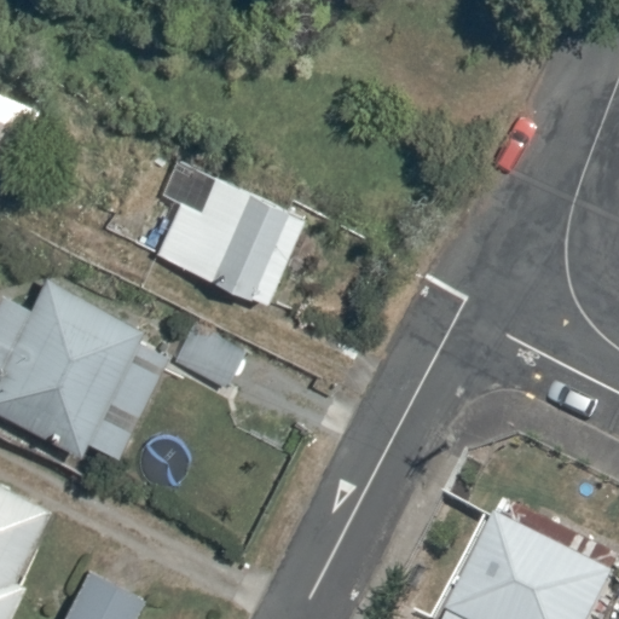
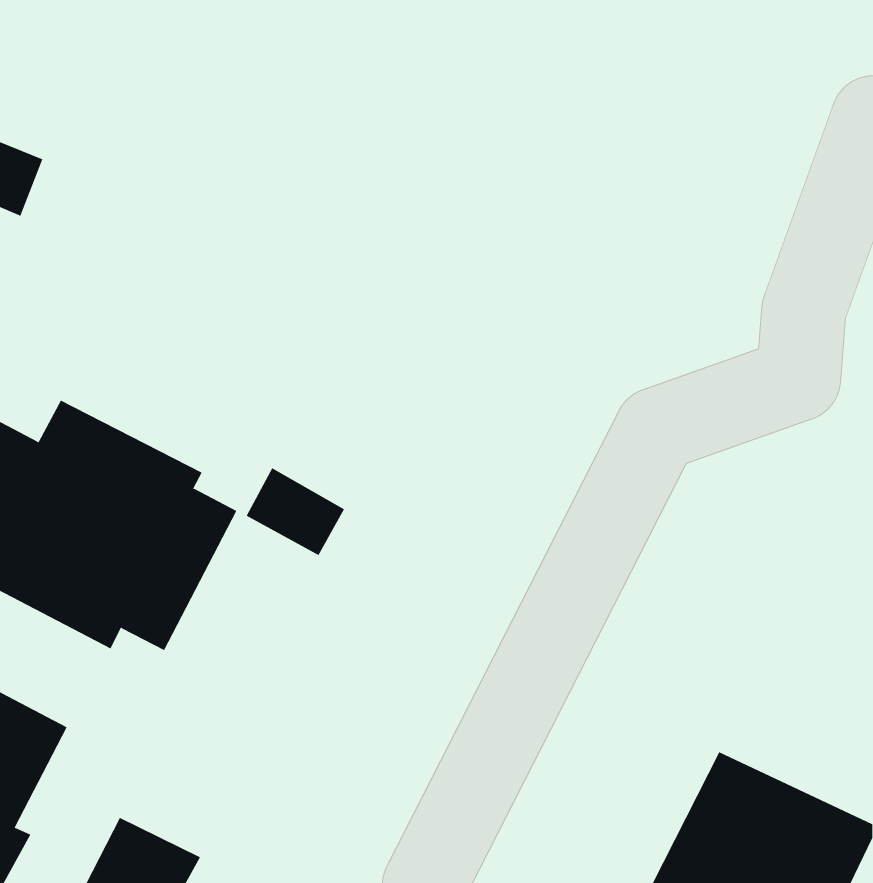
building: [151,162,301,302] -> none

